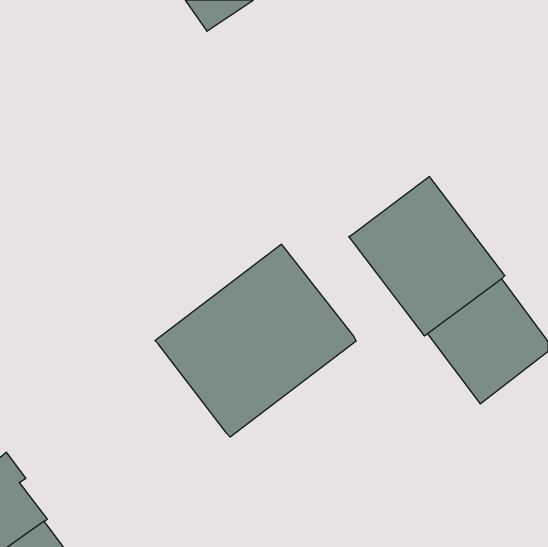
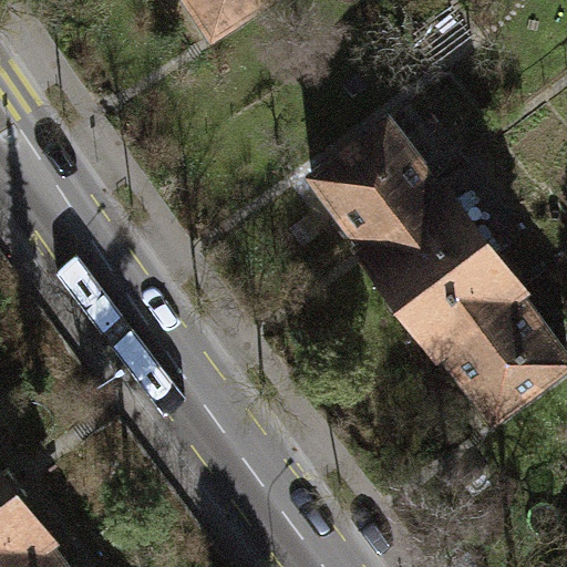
building: none -> [310,117,439,245]
building: [155,244,356,437] -> none

